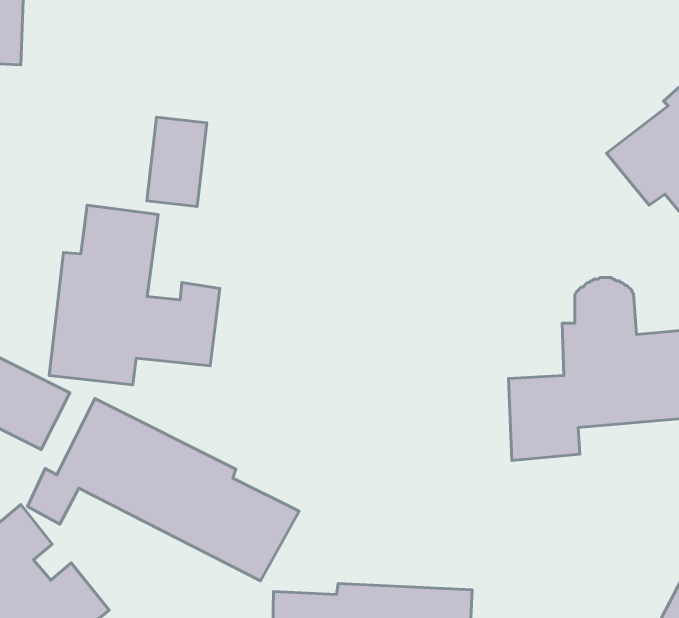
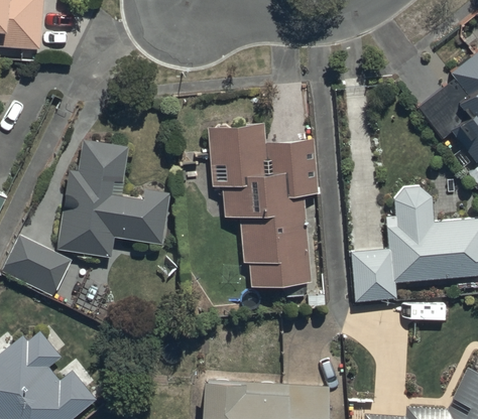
building: [147,117,207,206] -> none
building: none -> [206,124,319,288]
building: [27,399,299,581] -> none

